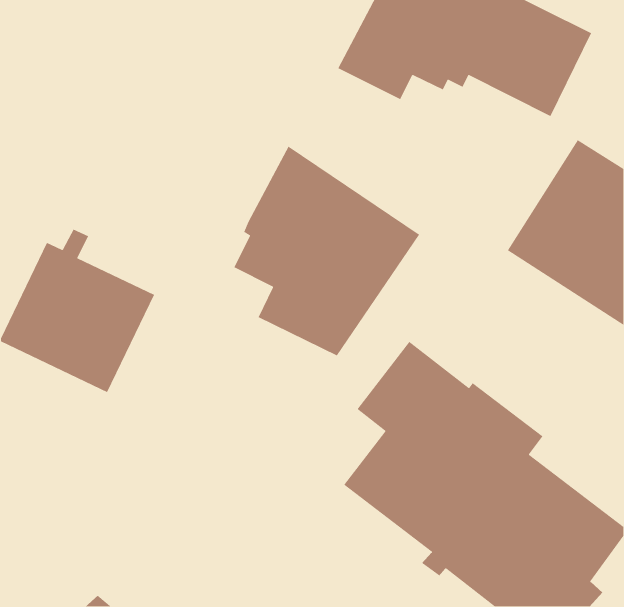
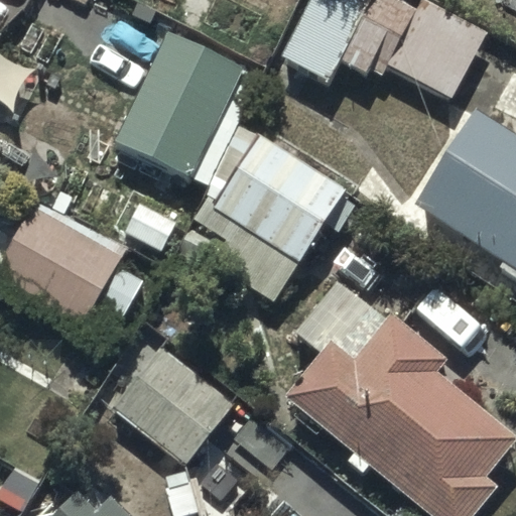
building: none -> [114,30,260,182]
building: none -> [114,345,238,466]

